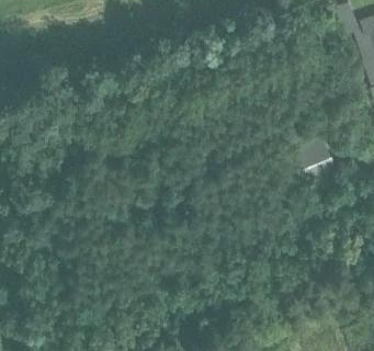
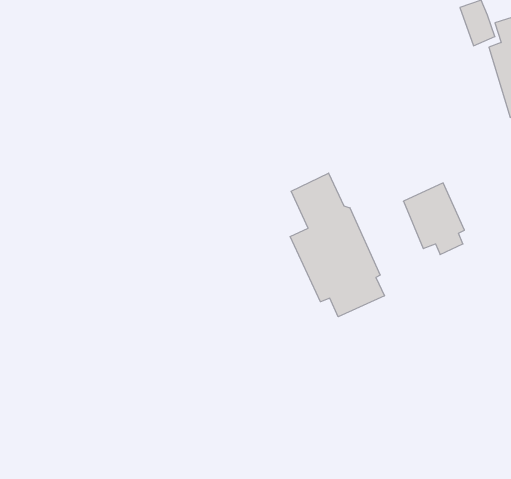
building: none -> [290,173,384,317]

